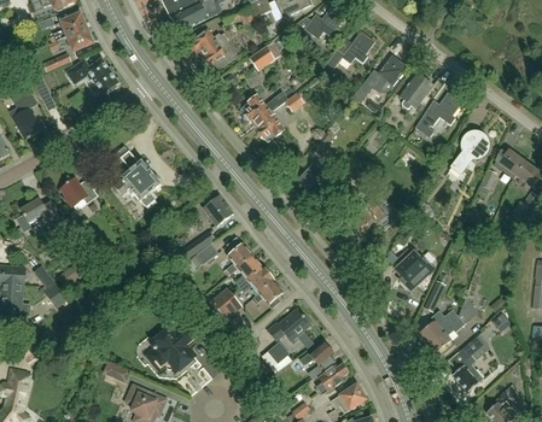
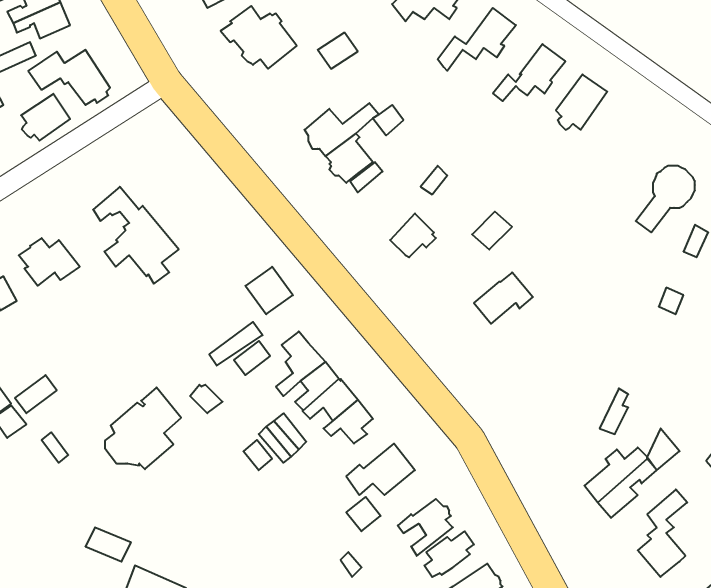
building: none -> [21,94,70,141]
building: [414,93,461,137] -> none
building: [394,248,433,291] -> none
building: [151,320,199,371] -> [105,387,181,469]

